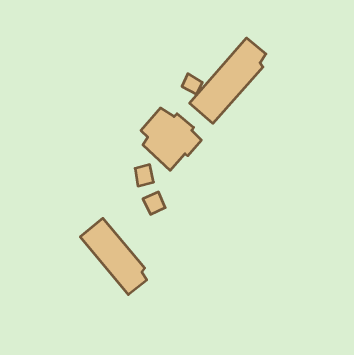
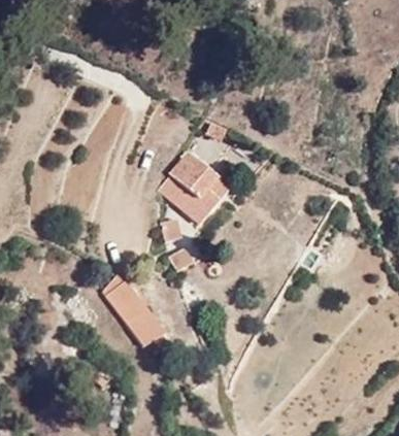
building: [190,38,266,123] -> none

